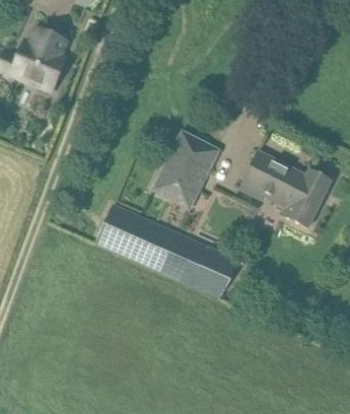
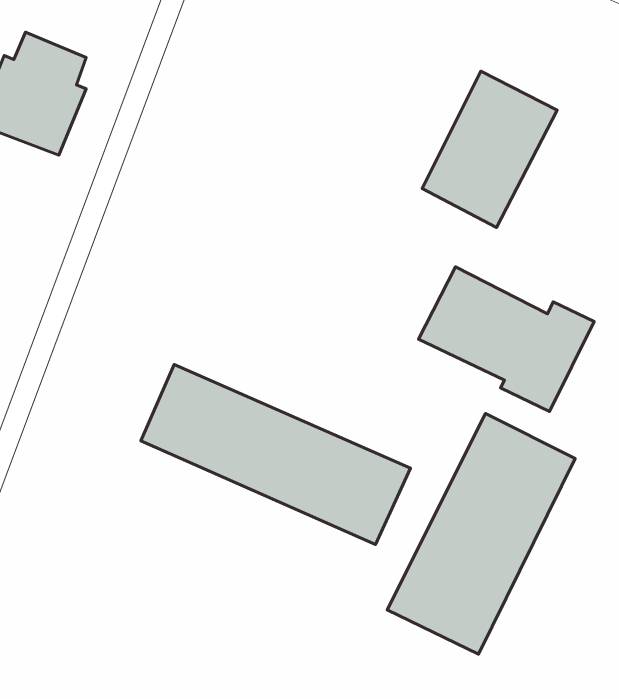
building: [151,129,221,210] -> [422,71,557,228]
building: none -> [387,413,575,654]

